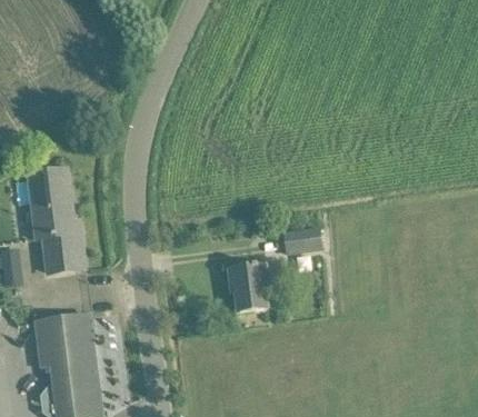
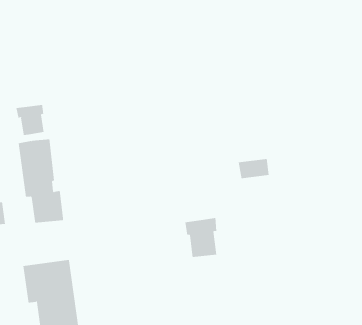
building: none -> [16,104,44,136]
building: [283,229,321,254] -> [238,159,269,179]

